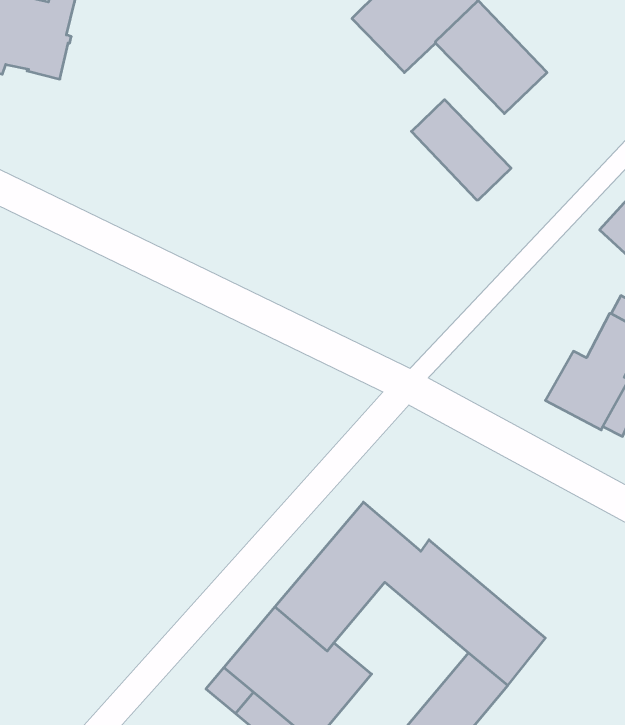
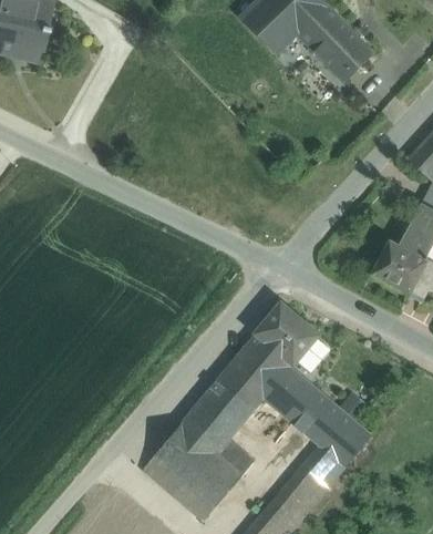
building: [411,100,511,200] -> none
building: none -> [248,305,317,377]

